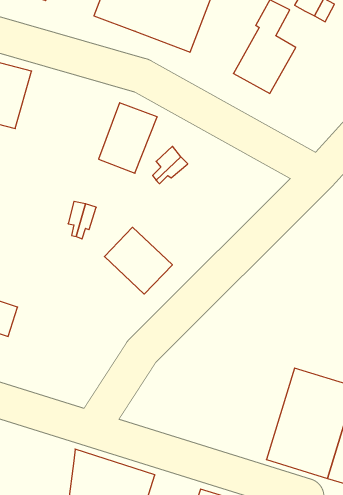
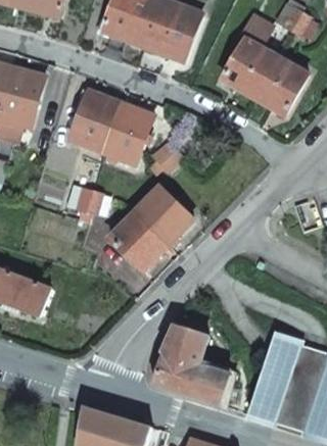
building: none -> [251,56,307,114]
building: none -> [68,91,121,153]
building: none -> [132,186,192,245]
building: none -> [150,325,229,405]

